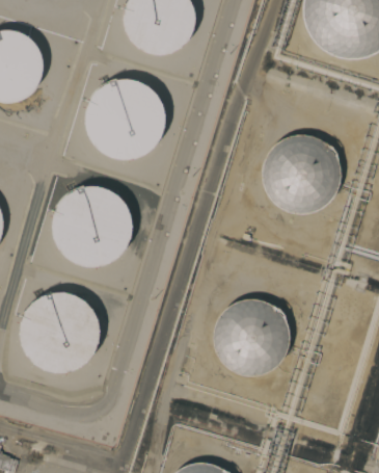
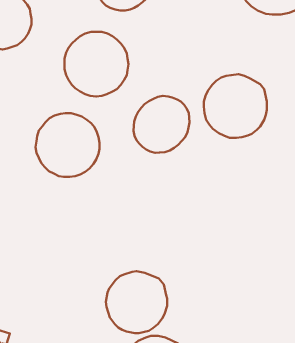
building: none -> [133,96,190,153]
building: [20,287,101,369] -> none
building: [213,298,290,376] -> [106,271,167,333]

